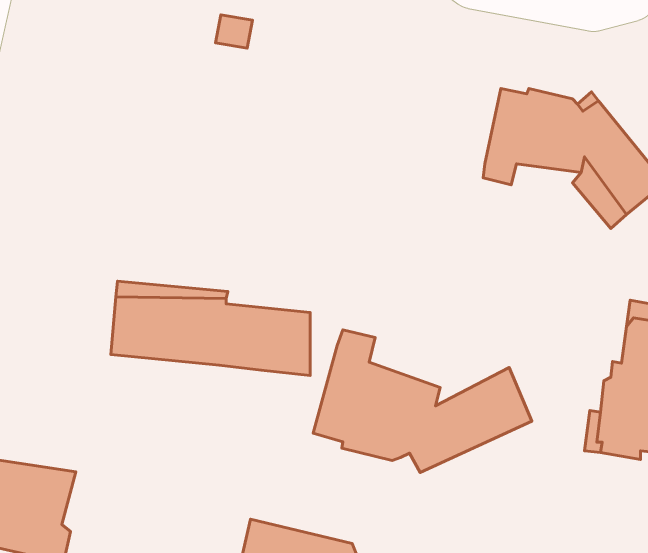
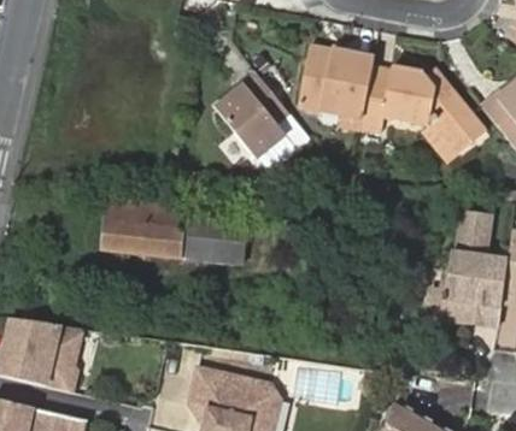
building: none -> [298,46,375,118]
building: none -> [217,72,310,160]
building: [313,330,532,472] -> none

